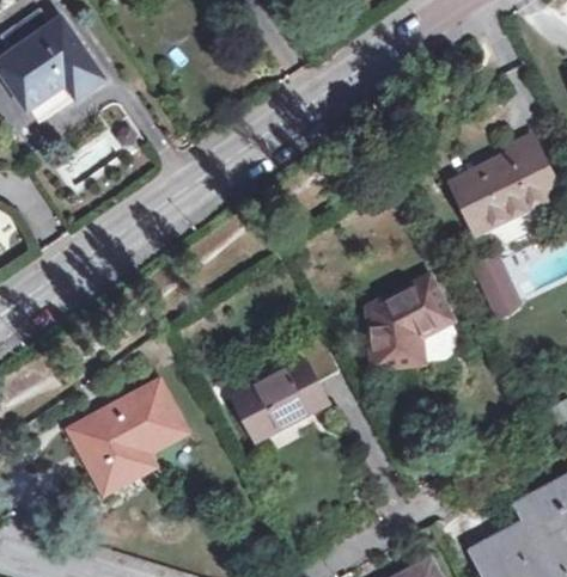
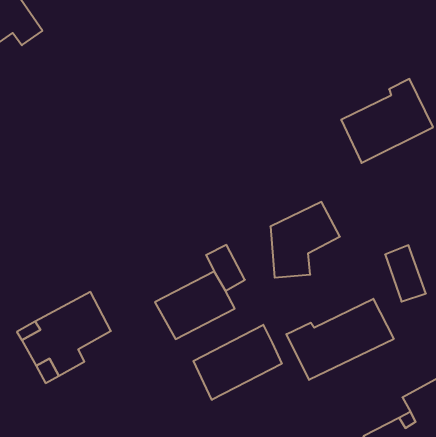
building: [472,252,520,318] -> [385,245,426,302]
building: none -> [286,299,394,380]
building: none -> [193,325,282,400]

